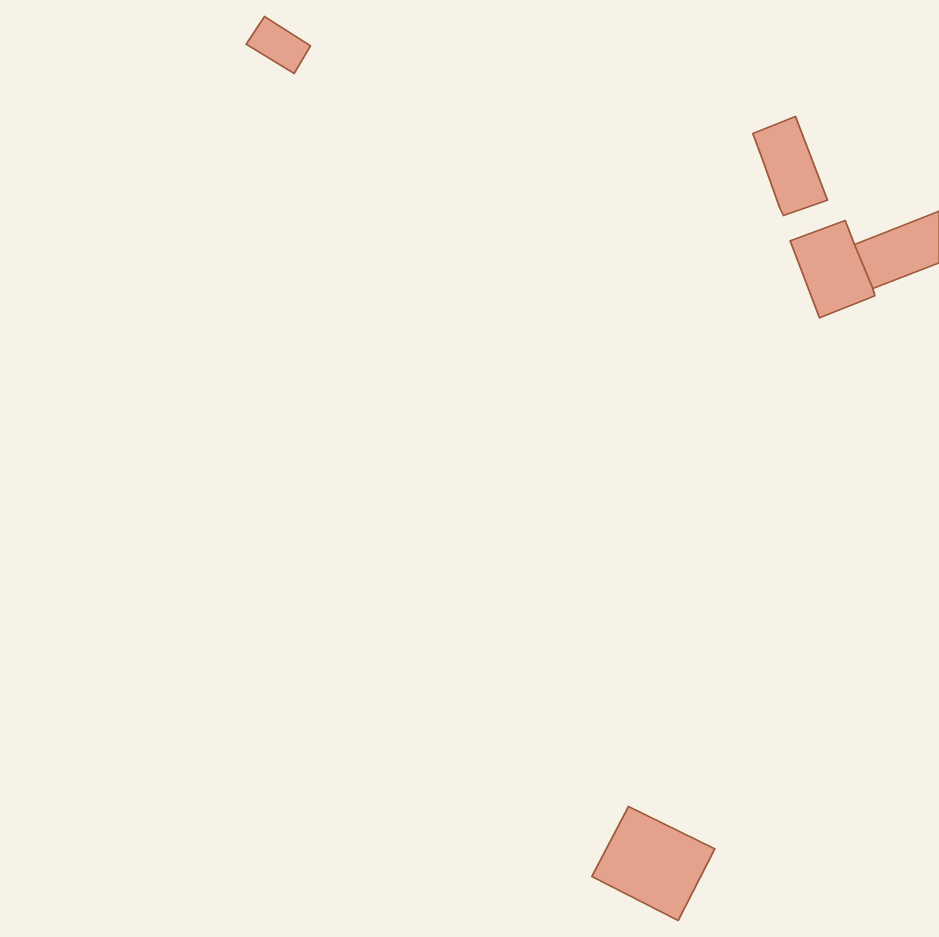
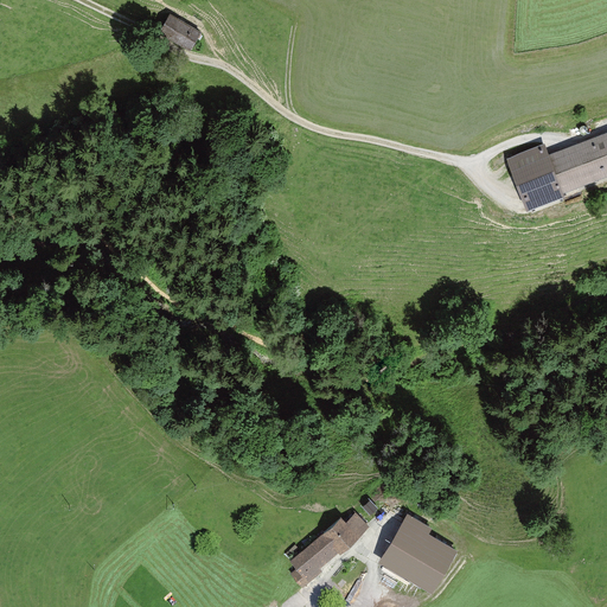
building: [753,116,827,216] -> none
building: none -> [283,517,360,586]

